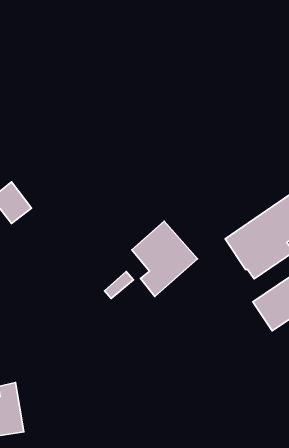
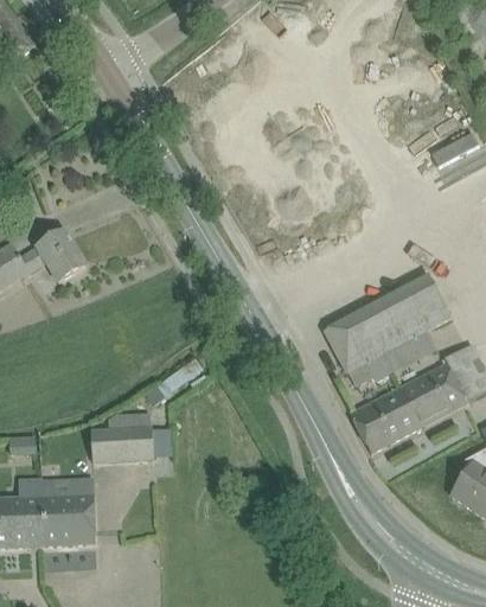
building: [132,221,198,296] -> none
building: none -> [91,411,154,461]
building: none -> [41,479,96,545]

